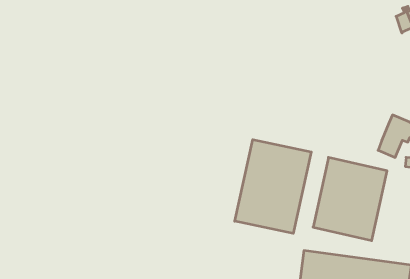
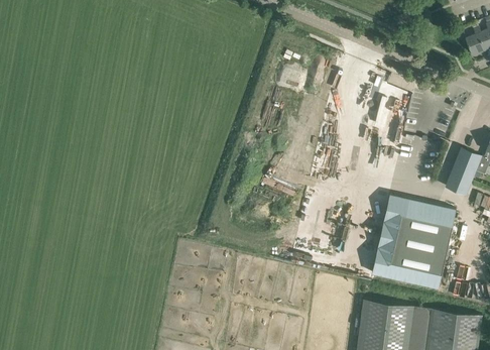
building: [235,140,311,233] -> none

